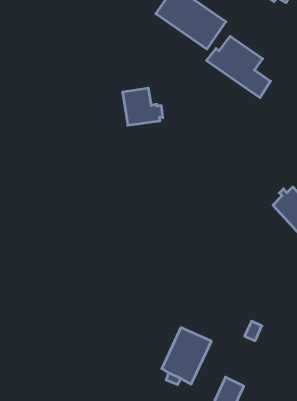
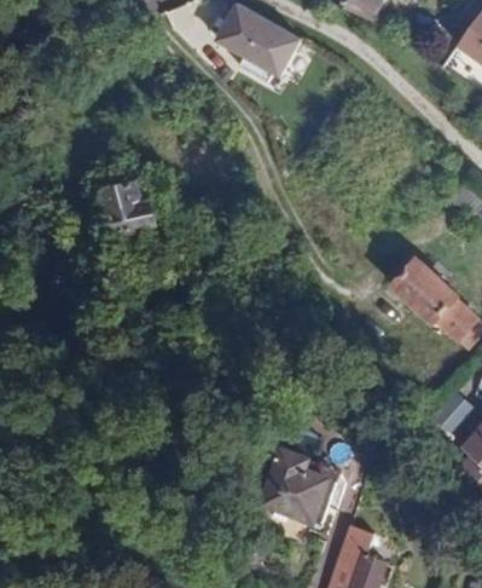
building: [207,36,271,98] -> none
building: [123,88,163,125] -> [105,180,162,232]

